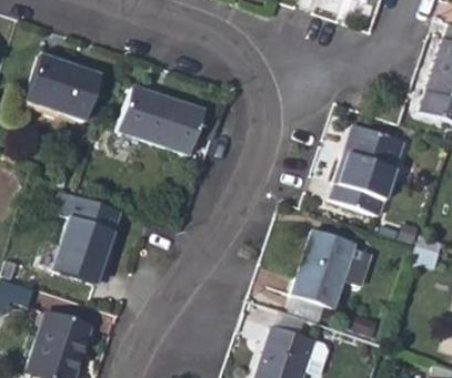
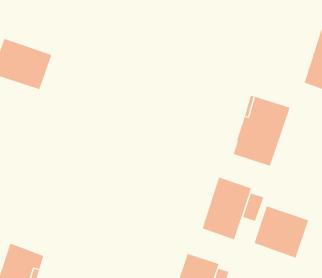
building: [118,88,204,153] -> none
building: [53,191,122,284] -> none
building: none -> [254,205,309,259]

